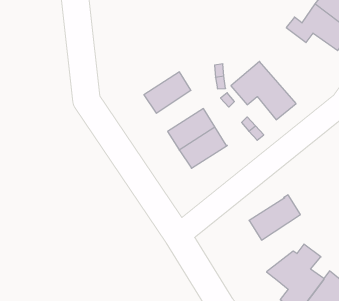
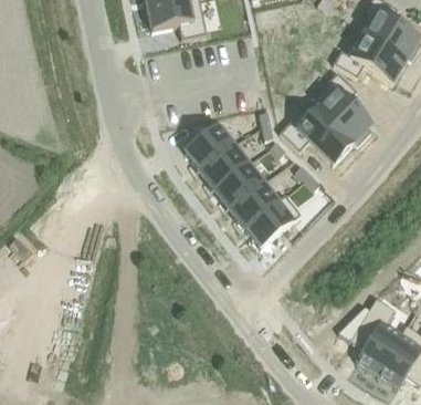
building: none -> [308,74,371,146]
building: none -> [201,143,252,190]
building: [249,195,300,240] -> [245,196,301,248]

